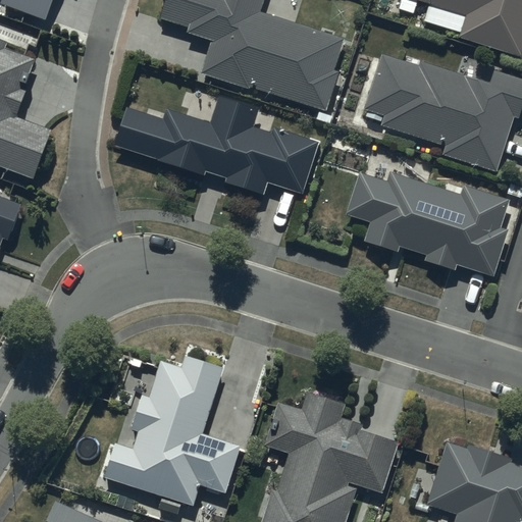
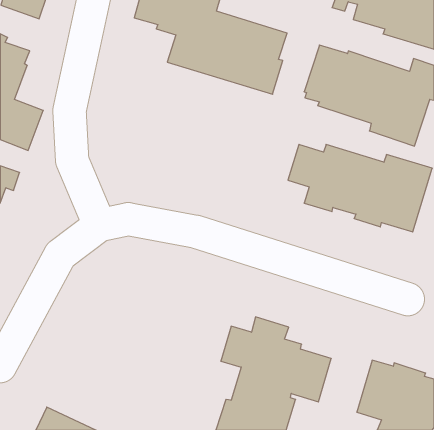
building: [115,98,319,198] -> none
building: [104,345,241,493] -> none

